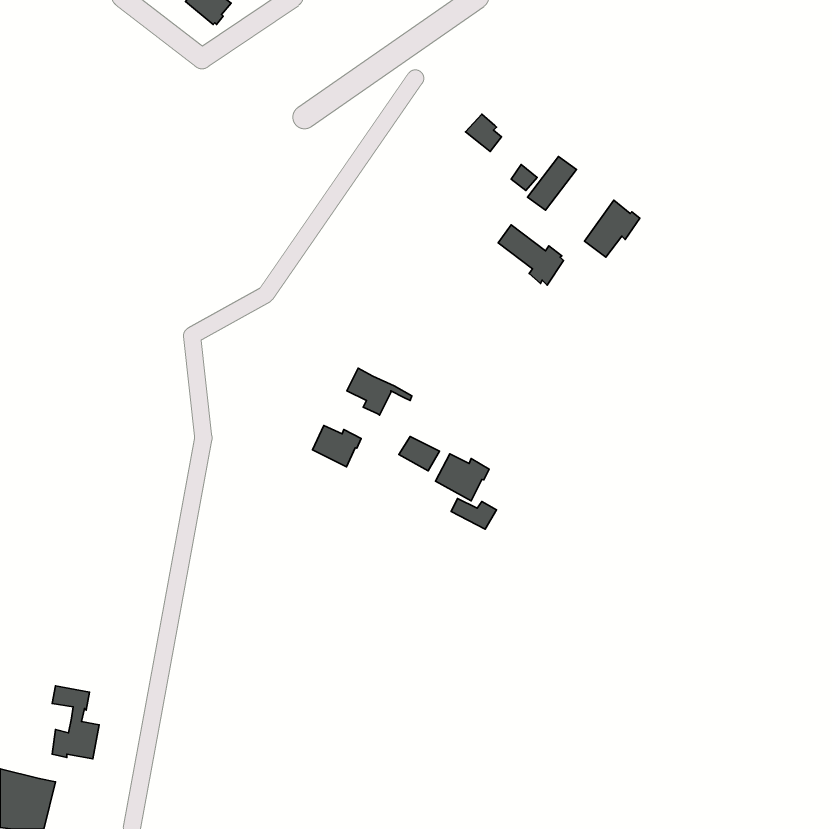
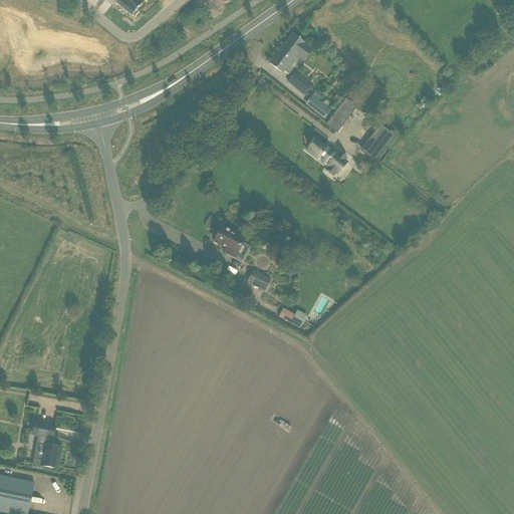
building: none -> [269,33,311,71]
building: [312,426,361,467] -> none
building: [436,454,489,501] -> none

